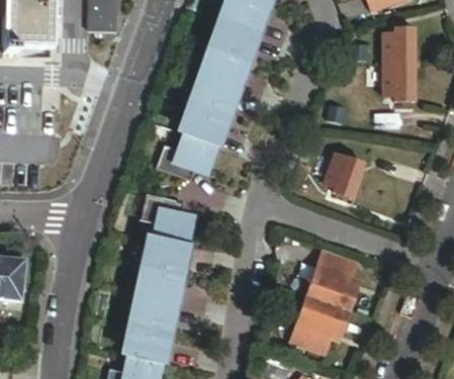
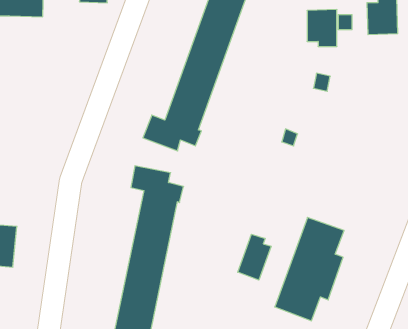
building: [383,64,414,101] -> [307,10,337,46]
building: [326,153,364,198] -> none
building: none -> [238,234,271,280]

